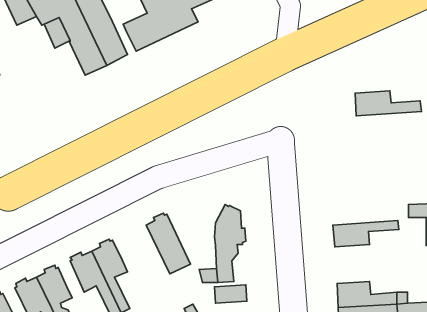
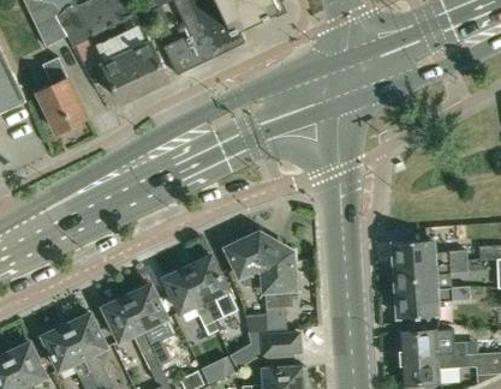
building: none -> [37,58,85,132]
building: [355,91,421,116] -> [393,240,466,268]
building: none -> [226,233,275,291]
building: none -> [163,268,219,336]
building: none -> [396,287,469,318]

